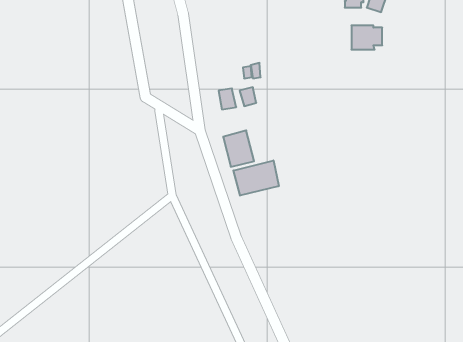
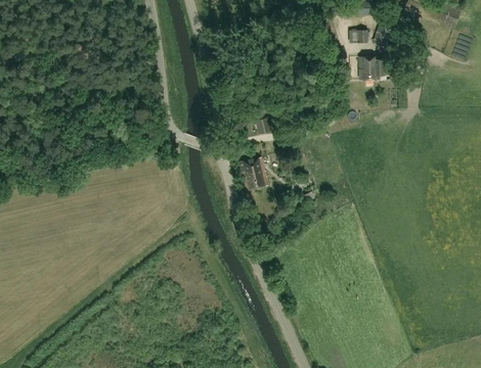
building: [233,160,279,196] -> none

